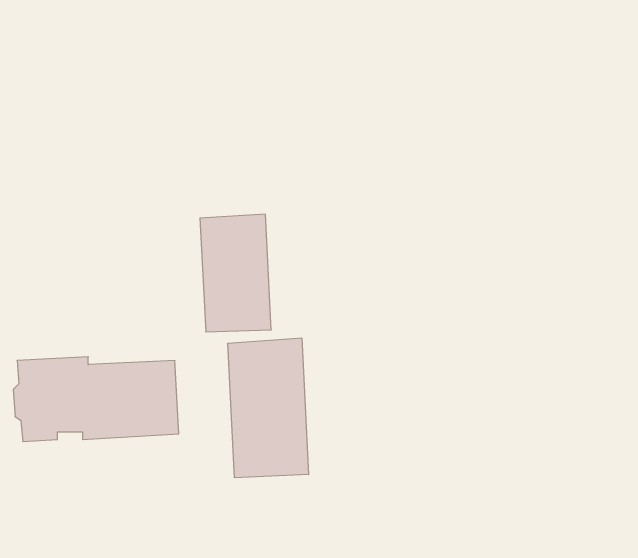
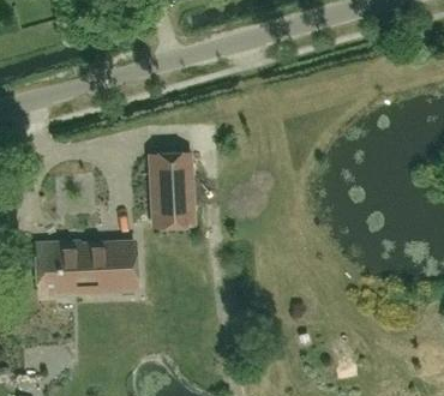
building: [228,338,309,478] -> none

